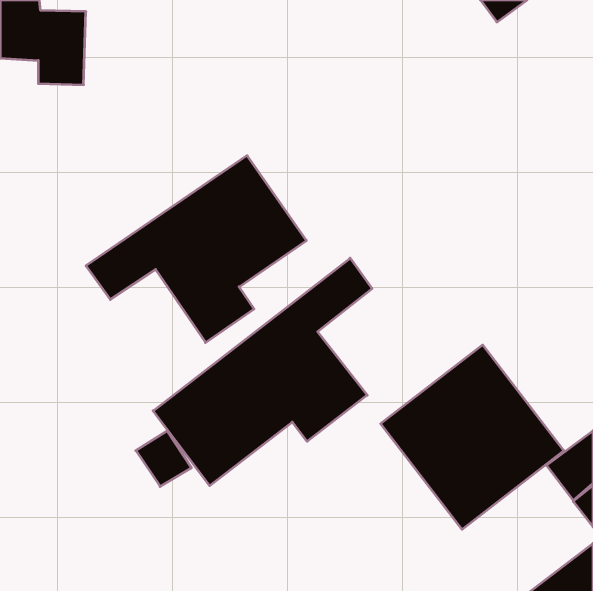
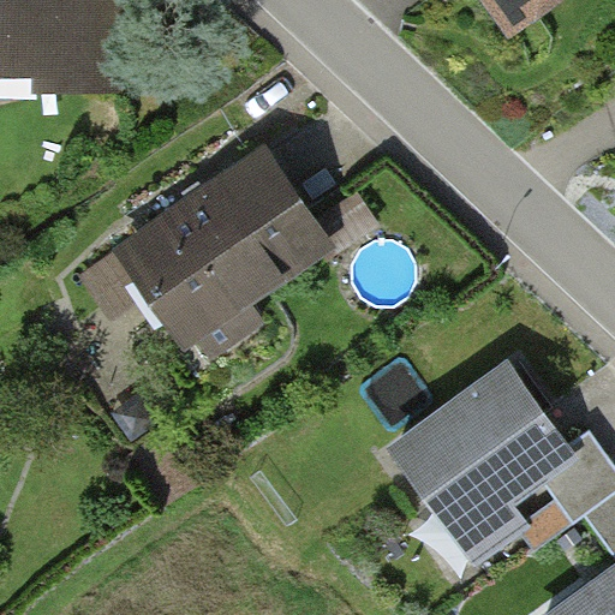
building: [153,258,372,486] -> none

